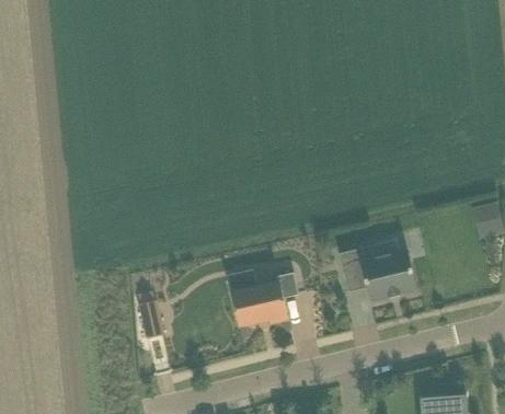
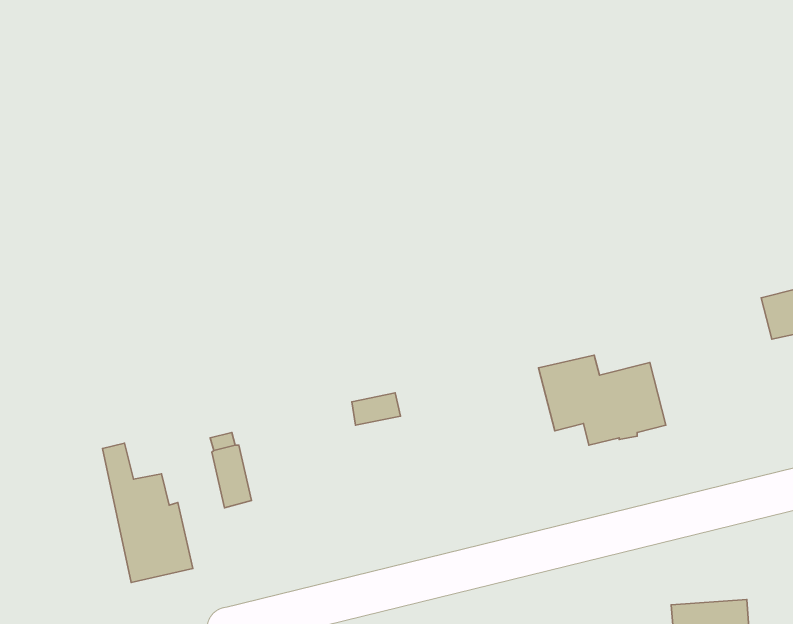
building: [231,273,299,326] -> none
building: none -> [102,443,193,582]

